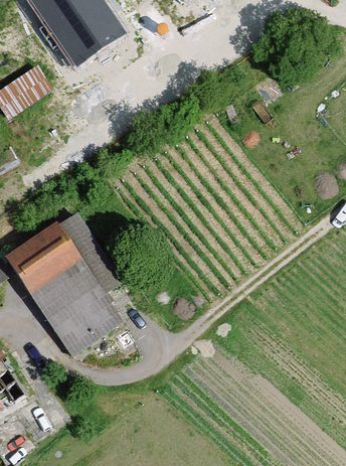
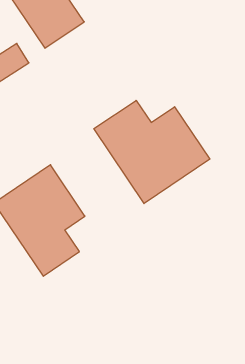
building: none -> [94,100,210,204]

